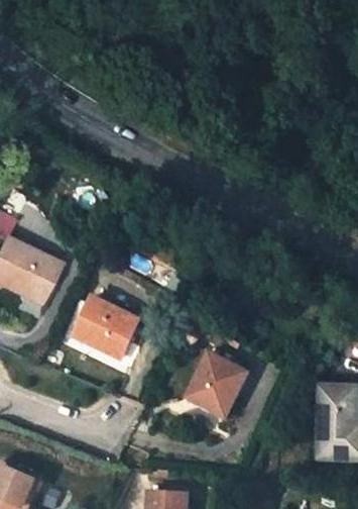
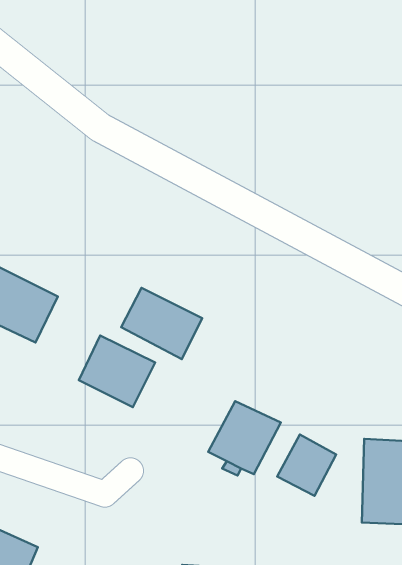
building: none -> [121,288,202,359]
building: none -> [277,434,336,496]

